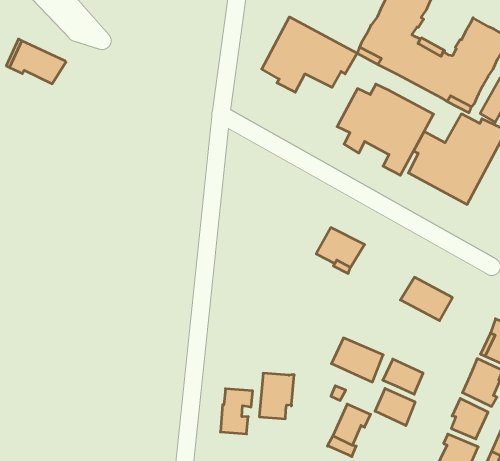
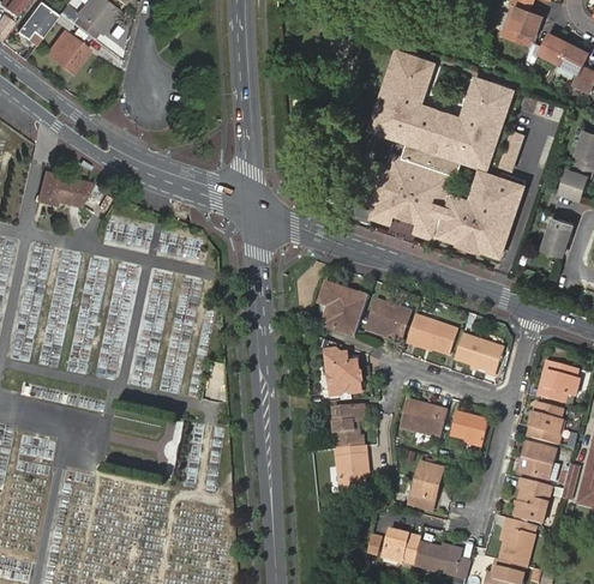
building: [262,17,357,92] -> none
building: none -> [407,143,458,175]
building: none -> [318,282,366,335]
building: none -> [404,314,456,354]
building: none -> [323,349,359,393]
building: [375,388,415,426] -> none
building: [220,389,253,434] -> [331,405,359,450]

